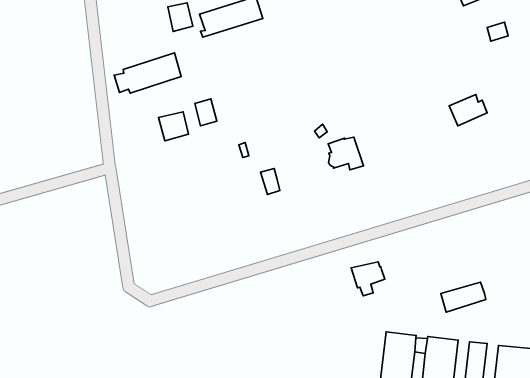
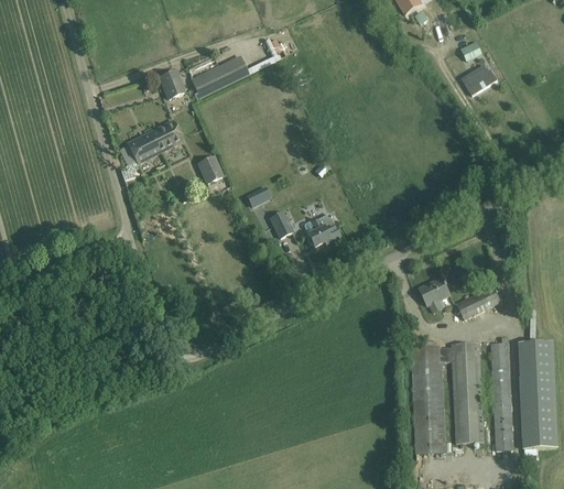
building: [449,95,487,126] -> [460,63,497,95]
building: [159,112,188,141] -> none
building: [328,137,364,170] -> [304,214,340,246]
building: [351,262,385,296] -> [417,279,451,313]

